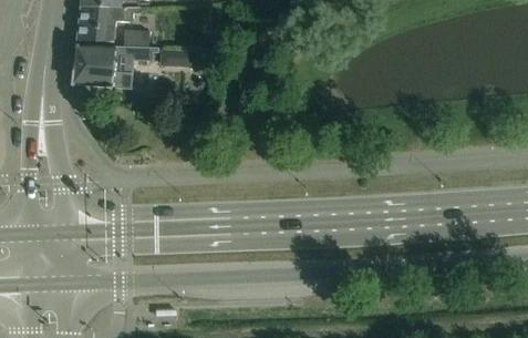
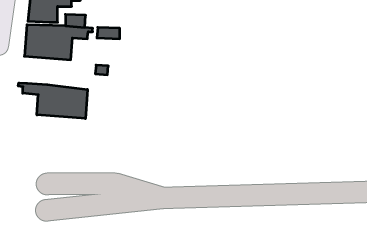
building: none -> [18,83,87,119]

